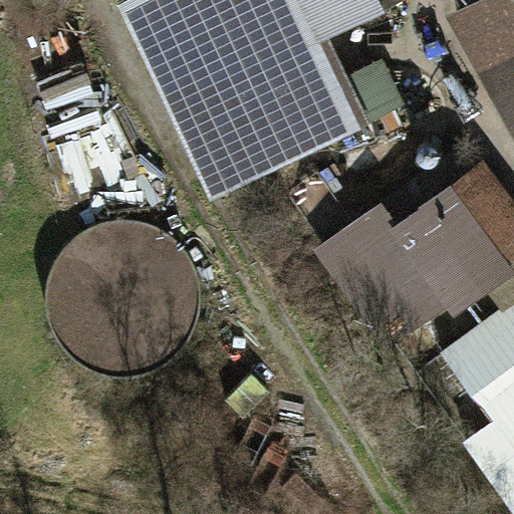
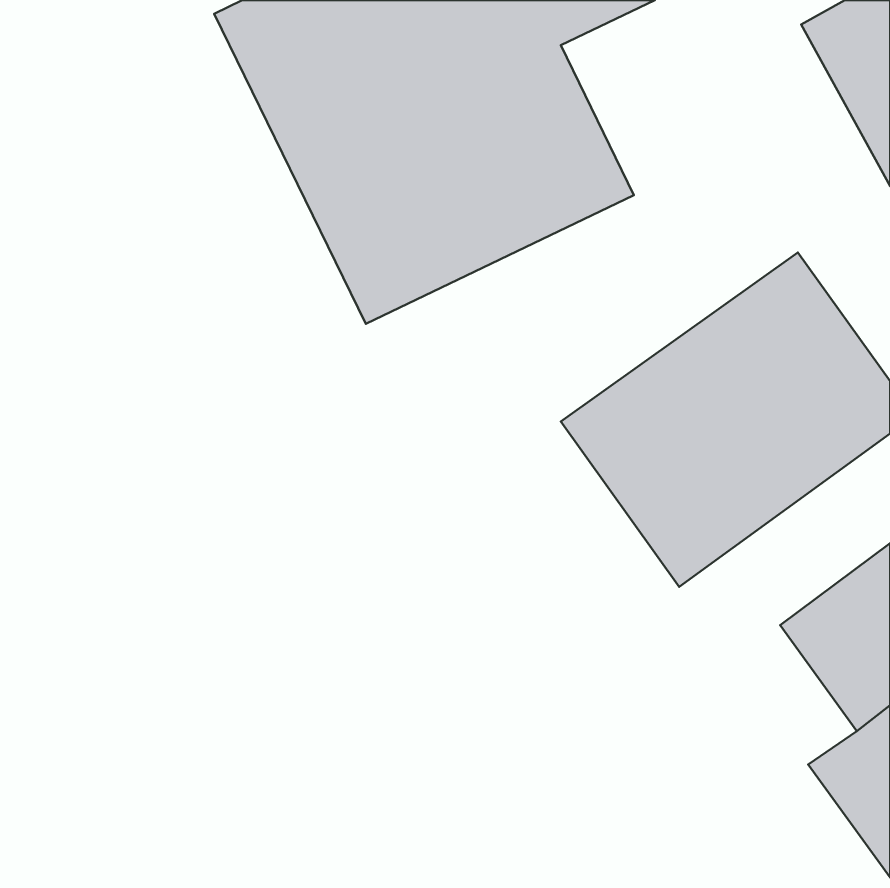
building: [33,215,181,362] -> none

